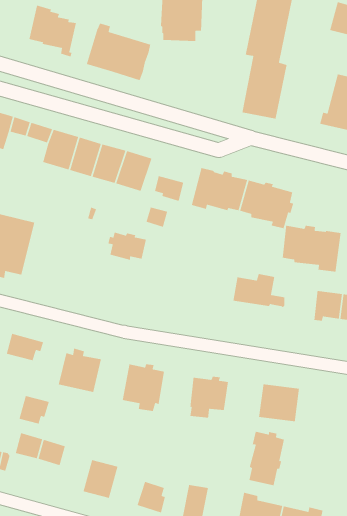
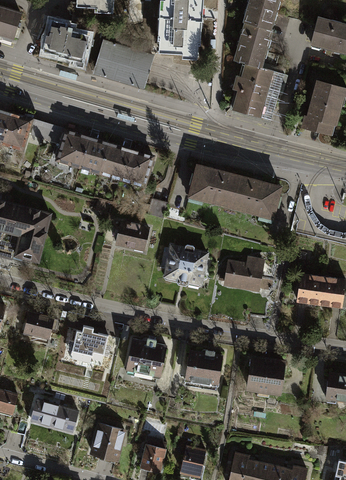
building: [154,175,184,202] -> none
building: [282,225,341,272] -> none
building: none -> [164,244,207,284]
building: [19,395,50,424] -> none
building: [249,431,285,486] -> none

